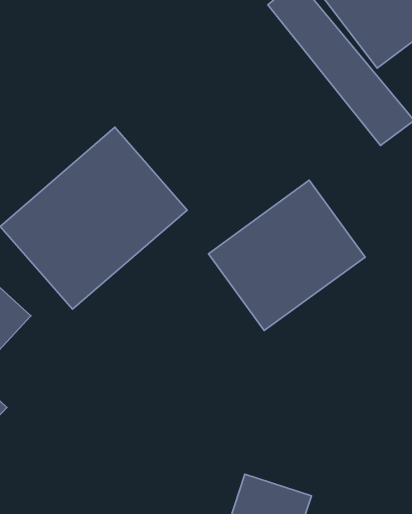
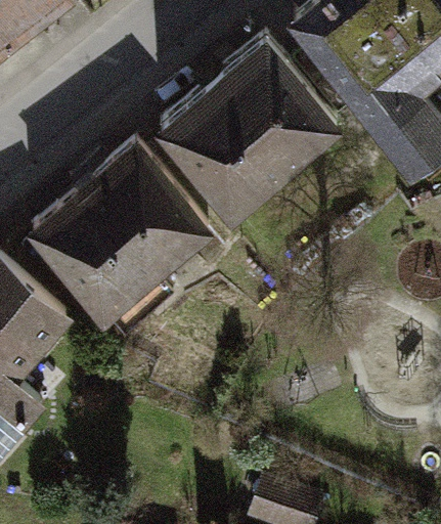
building: none -> [163,43,333,205]
building: [208,180,365,331] -> none

